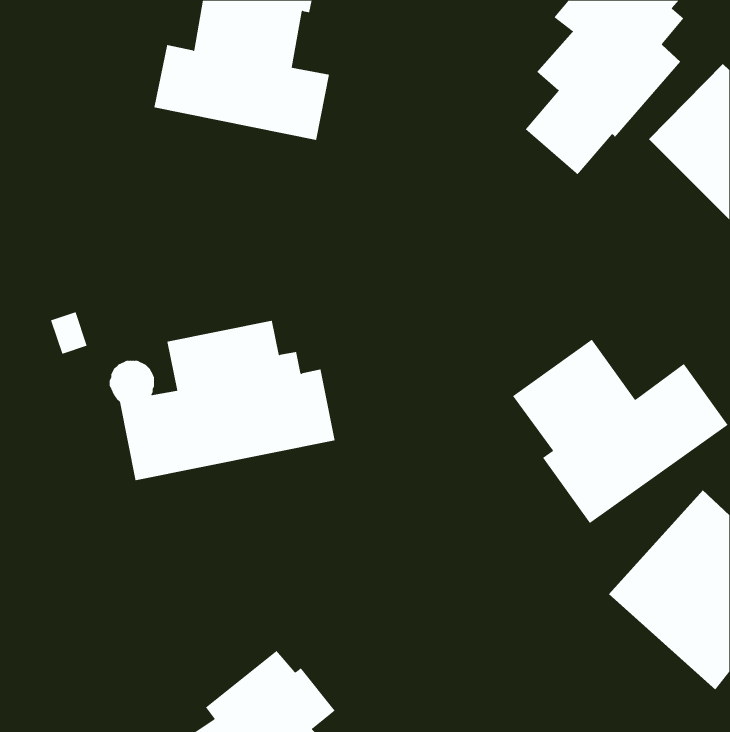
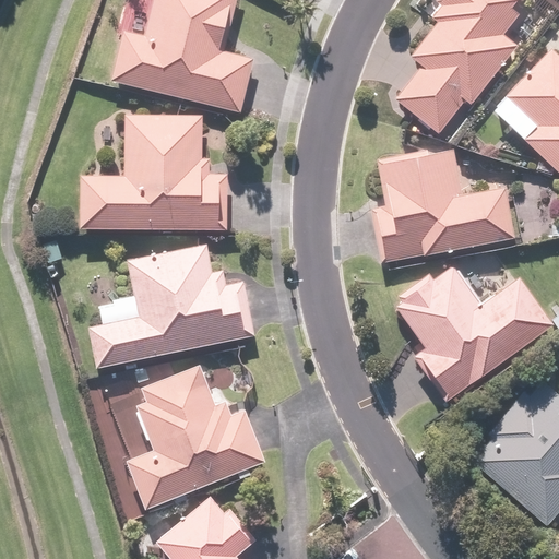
building: none -> [80,116,229,230]
building: none -> [372,146,516,263]
building: none -> [126,364,264,510]

